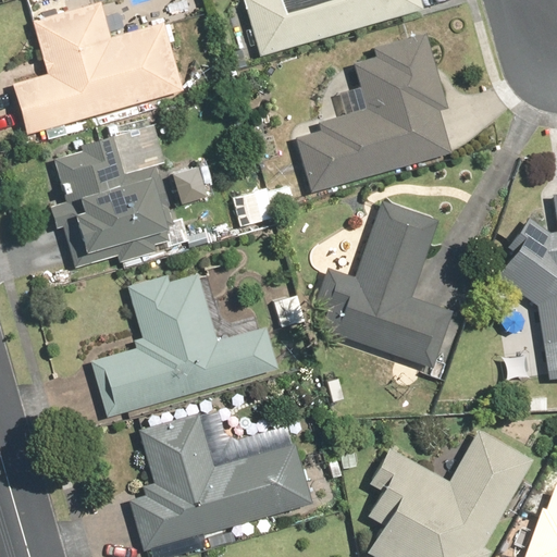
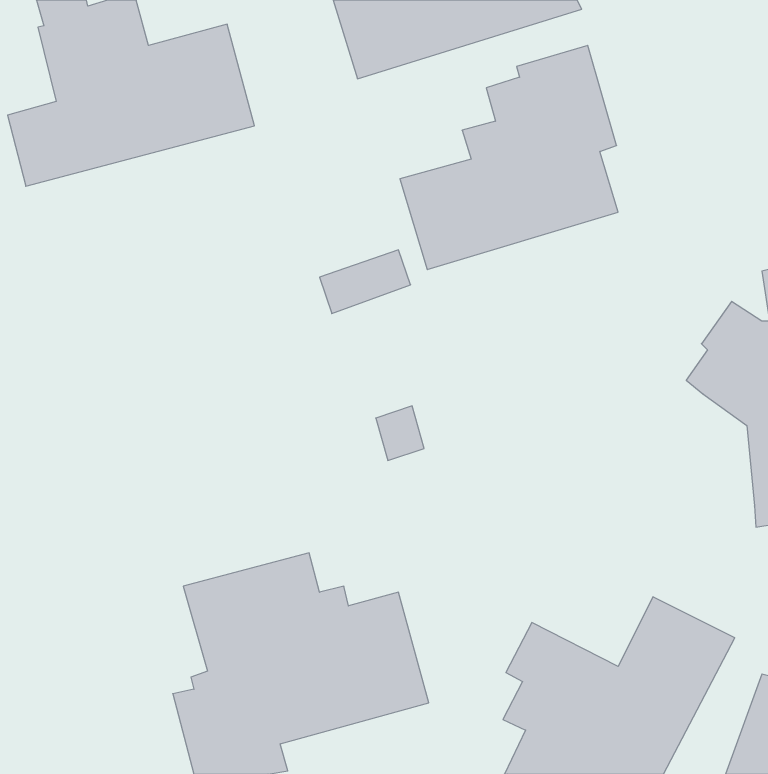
building: [51,121,209,269] -> none
building: [320,202,456,369] -> none
building: [91,273,281,416] -> none

